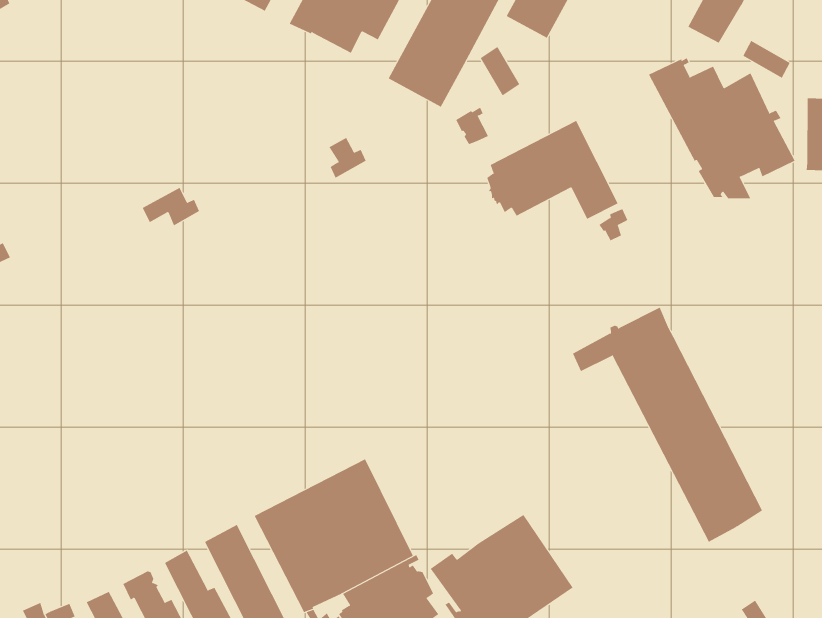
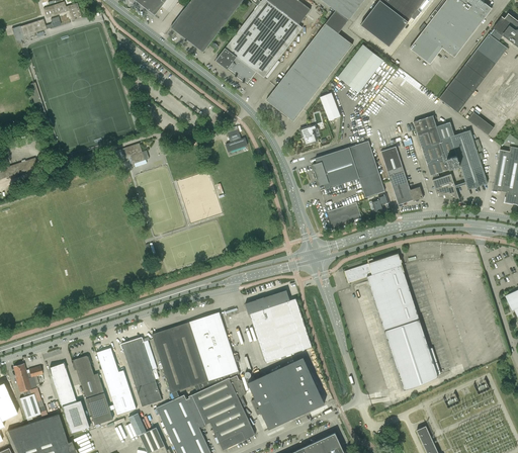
building: none -> [380,147,423,204]
building: none -> [327,202,361,226]
building: none -> [246,290,312,362]

